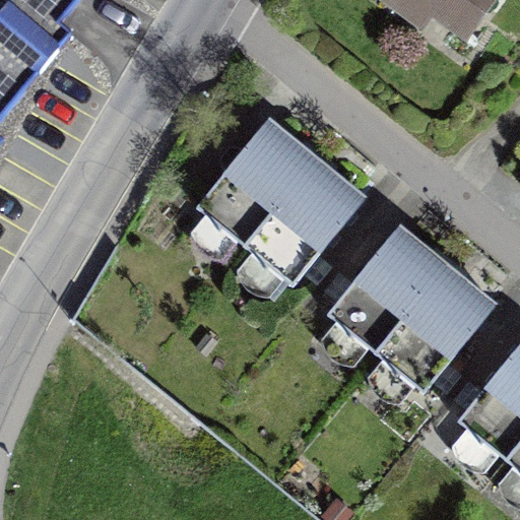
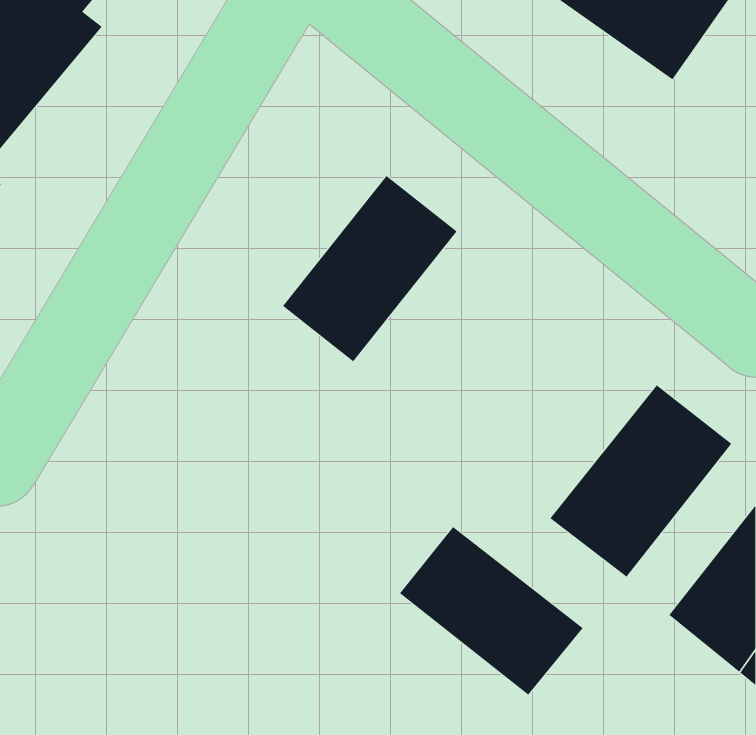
building: [242,158,366,289] -> none
building: [327,224,449,354] -> none
building: none -> [399,526,583,696]

